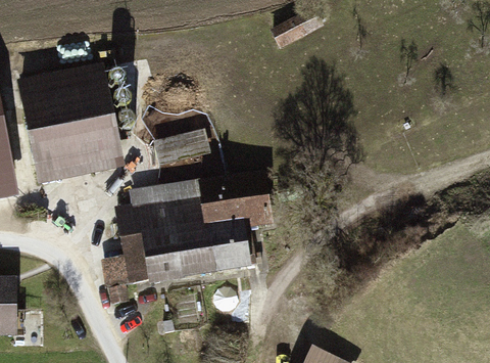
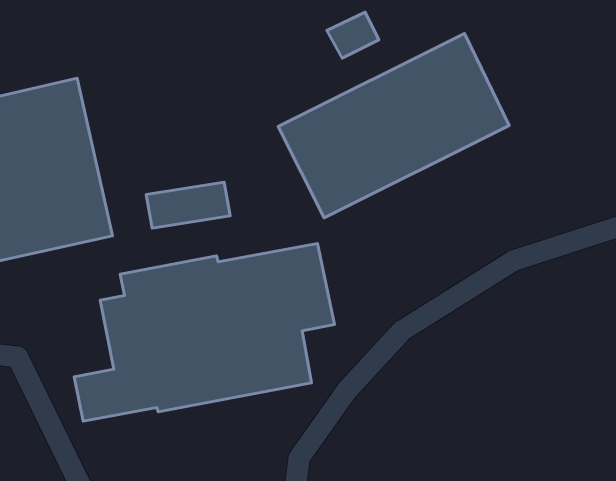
building: none -> [278,34,509,218]

